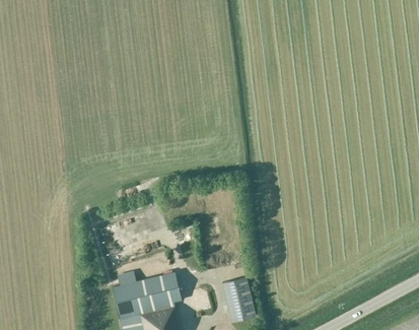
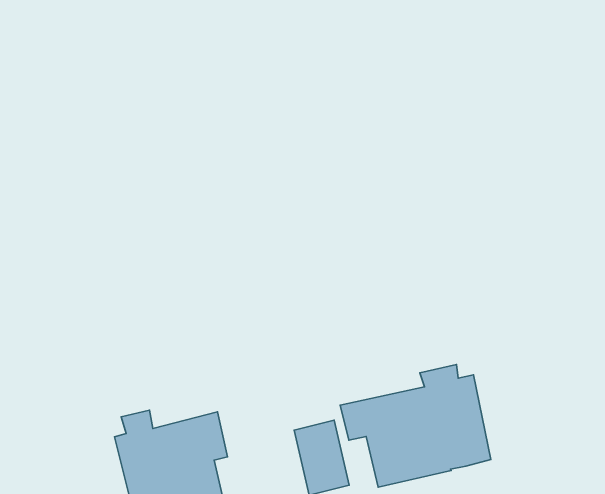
building: none -> [340,364,491,487]

